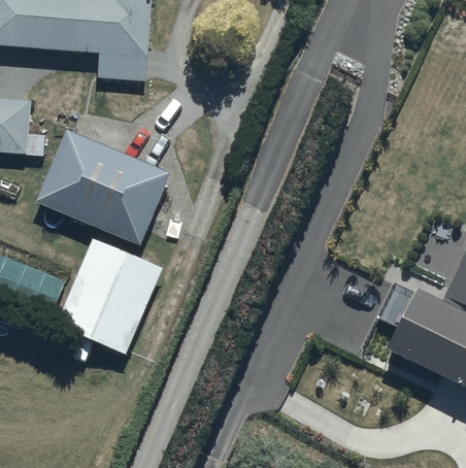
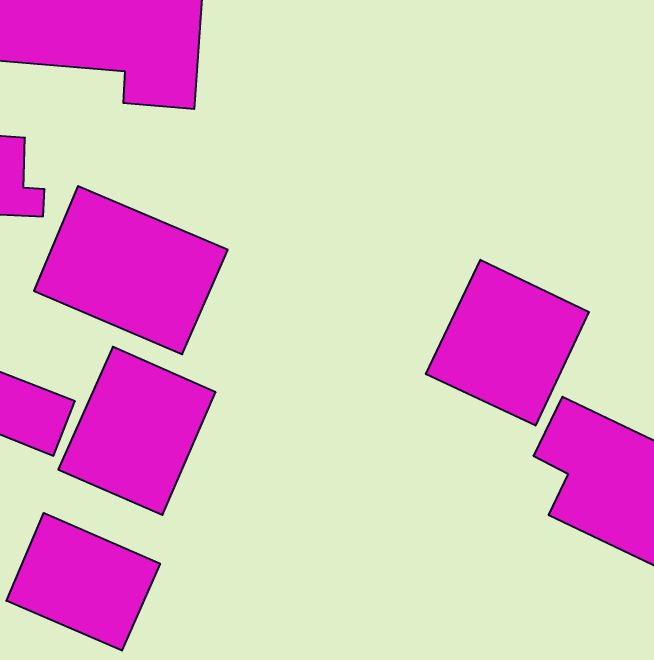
building: none -> [426,260,589,426]
building: none -> [6,513,160,651]

